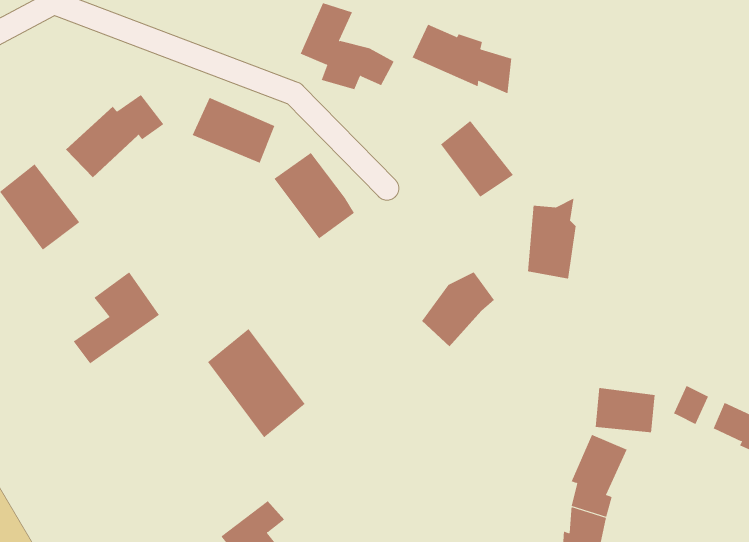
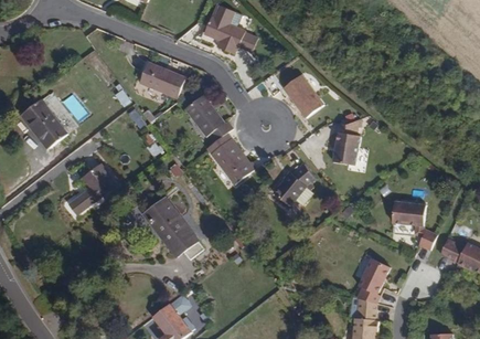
building: [412,24,512,94] -> none
building: [65,94,164,178] -> none
building: none -> [205,133,256,186]
building: [595,387,655,433] -> [391,199,426,225]

